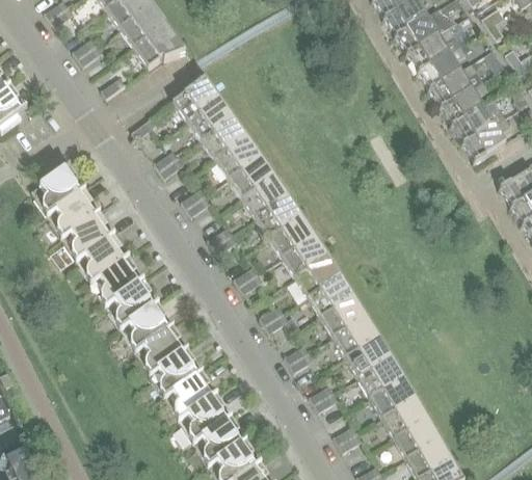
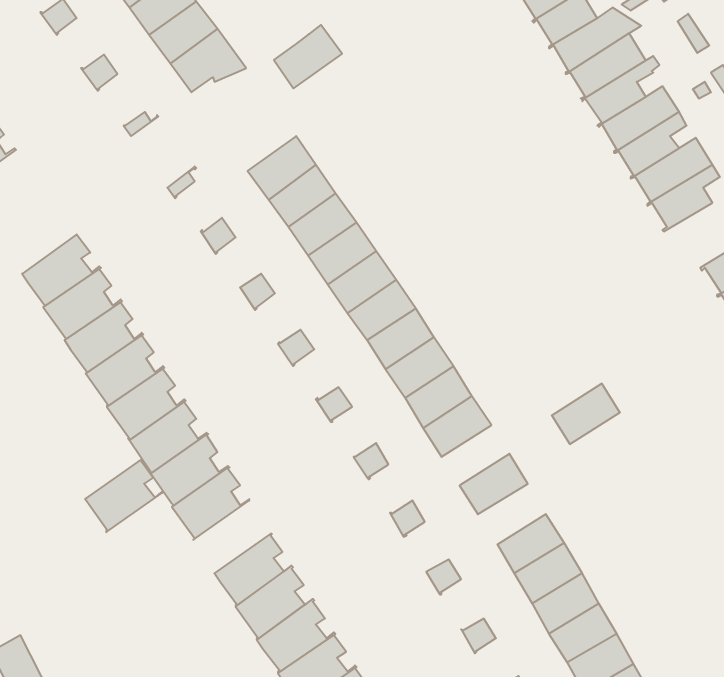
building: [174,77,220,121] -> [274,25,342,88]
building: [320,295,367,337] -> [552,384,620,444]
building: [345,336,392,377] -> none
building: [150,347,203,397] -> [85,460,162,532]

